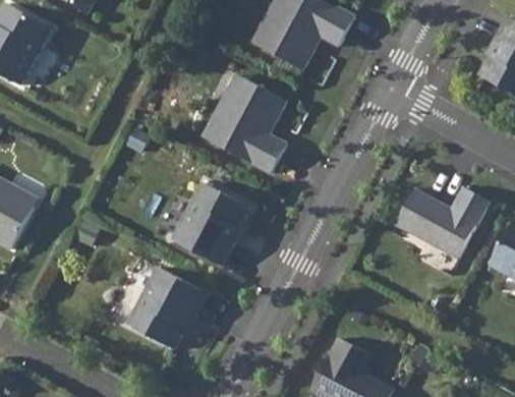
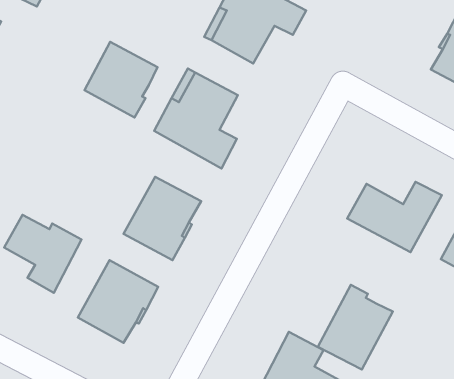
building: none -> [84,42,158,117]
building: none -> [4,215,81,293]
building: none -> [318,285,393,369]

